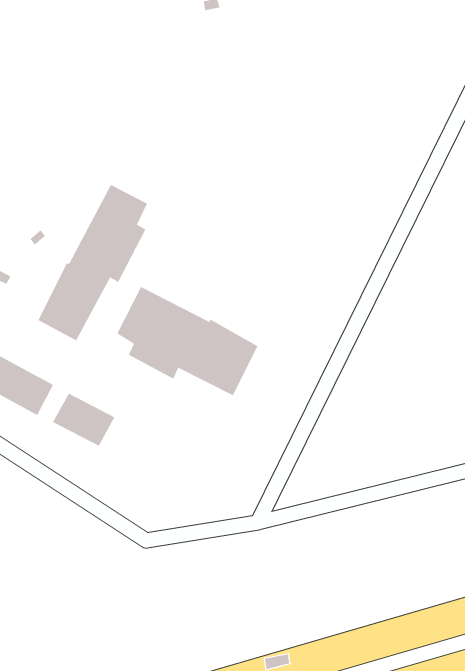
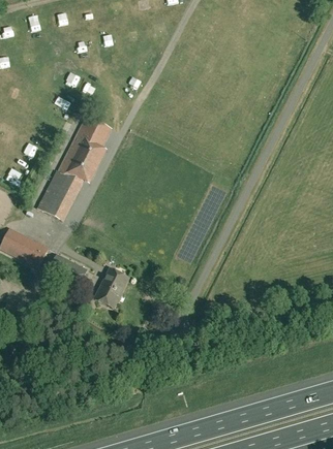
building: [117,286,258,396] -> none
building: none -> [94,267,128,308]

